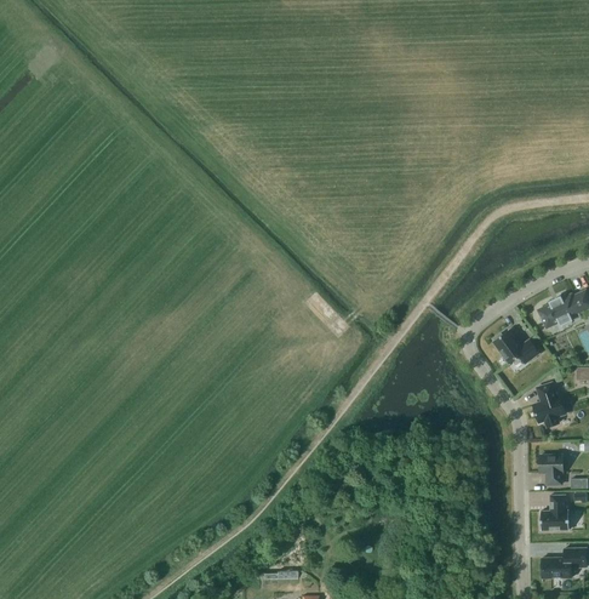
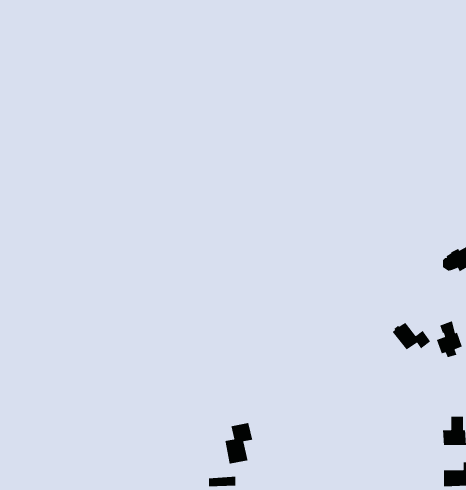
building: [492,330,538,364] -> [392,322,431,351]
building: [538,455,562,484] -> none
building: none -> [224,422,253,465]

